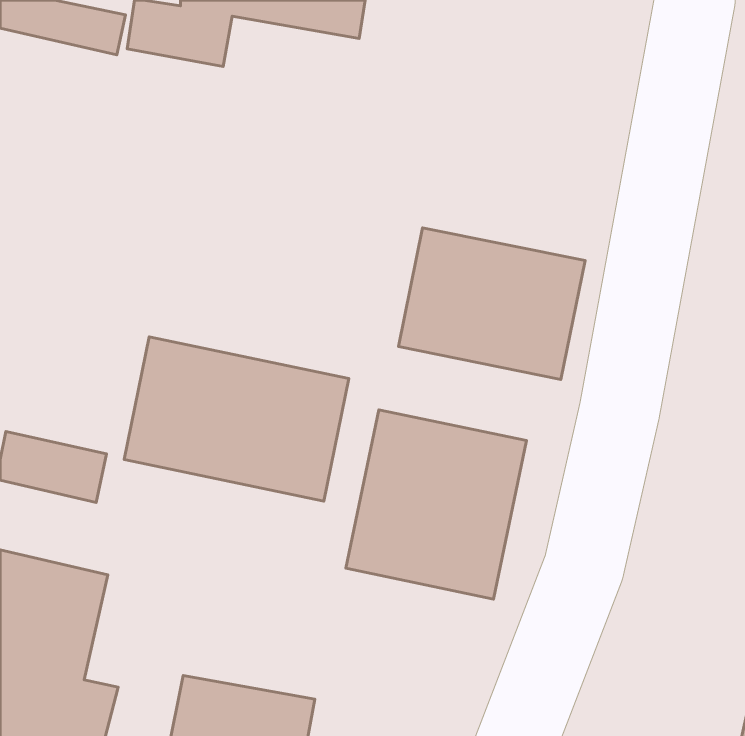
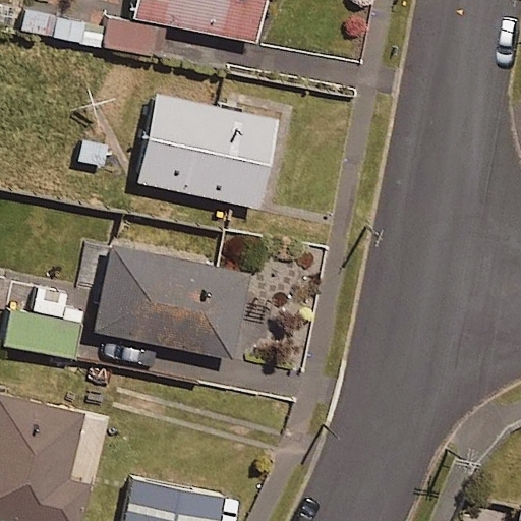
building: none -> [137,84,277,208]
building: [398,228,585,379] -> none
building: [346,410,526,599] -> none

